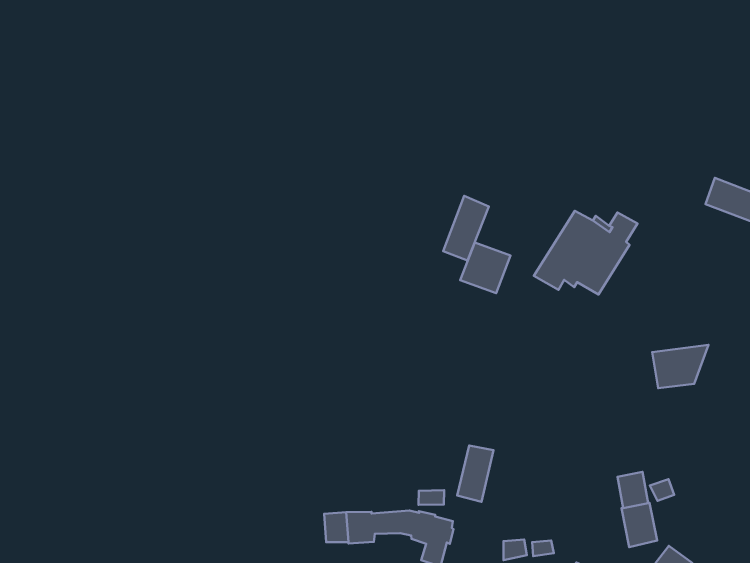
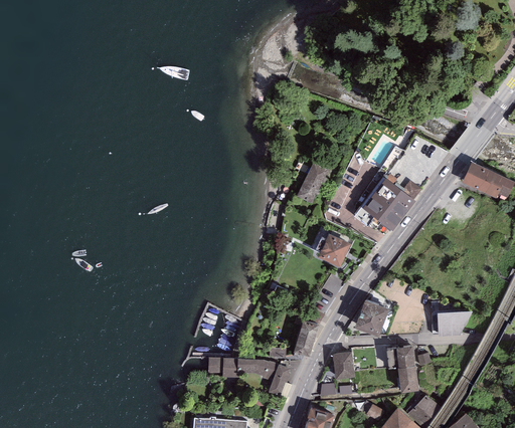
building: [460,243,511,293] -> [318,233,351,266]
building: [652,345,709,388] -> [437,310,473,336]
building: none -> [354,299,388,337]
building: none -> [332,351,354,379]

